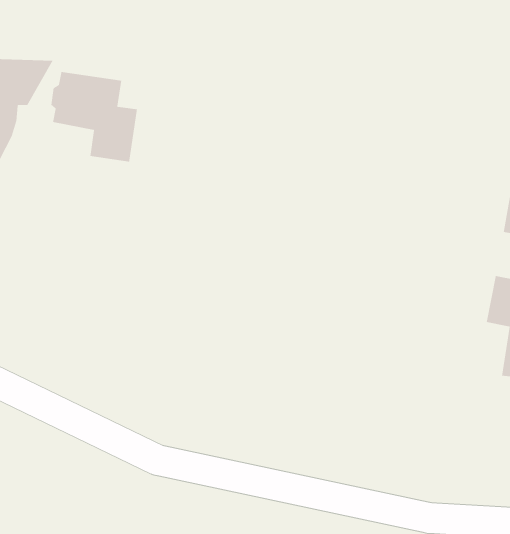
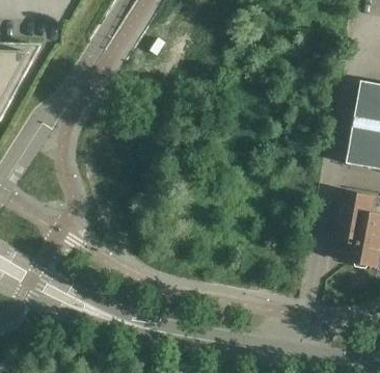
building: [50,71,138,162] -> none

